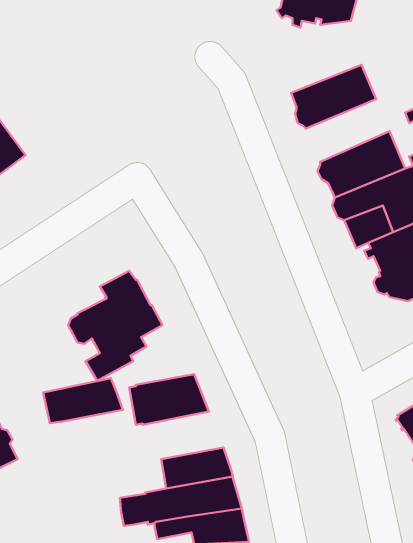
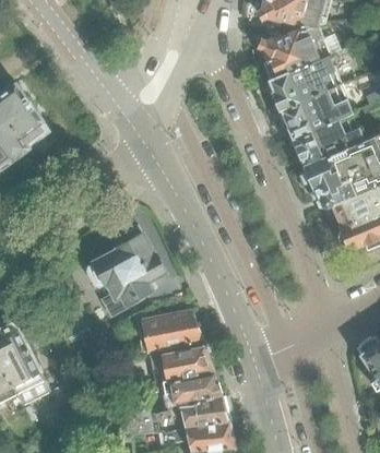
building: none -> [259,26,332,80]
building: none -> [281,85,351,136]
building: [43,378,123,423] -> [149,345,214,382]

